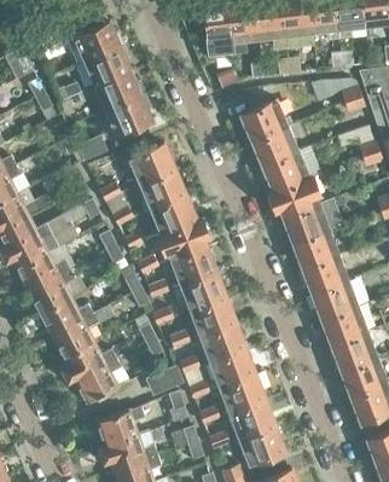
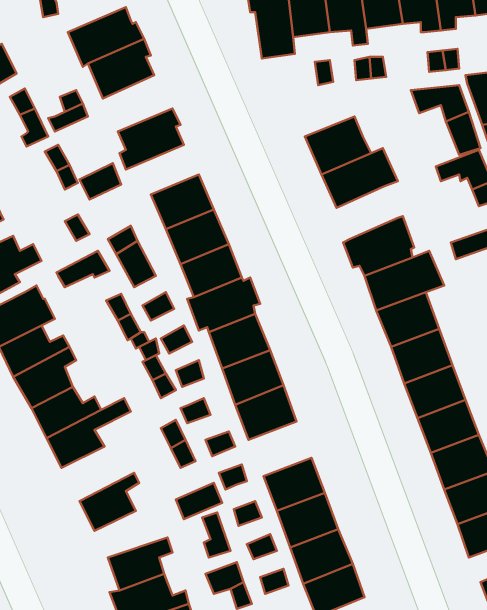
building: [94,71,145,112] -> none
building: [265,152,309,191] -> none
building: [201,324,246,364] -> none
building: [63,342,117,385] -> none

